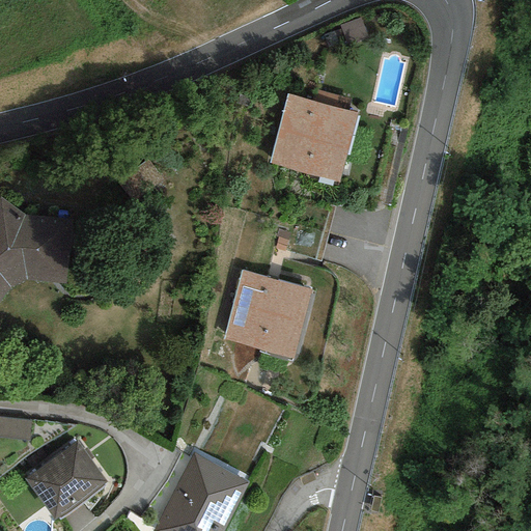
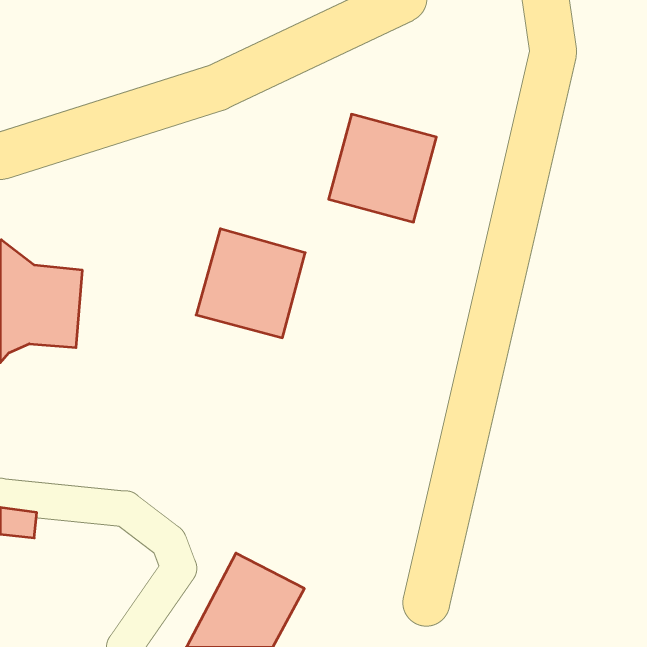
building: [222,269,311,358] -> [196,229,305,338]
building: [24,439,107,519] -> none

